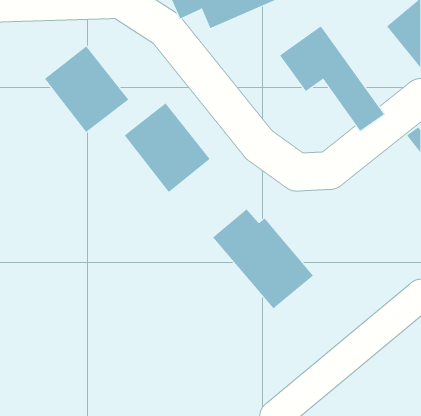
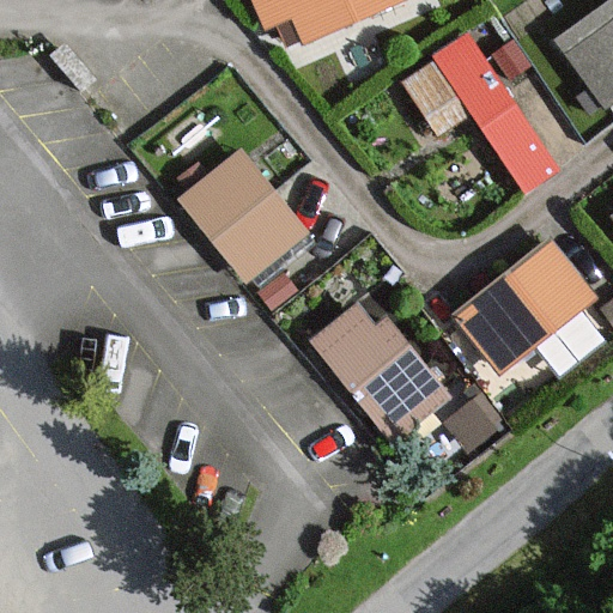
building: [44,45,129,133] -> none
building: none -> [451,238,600,380]

